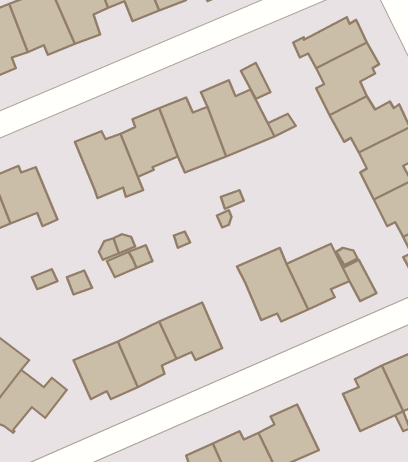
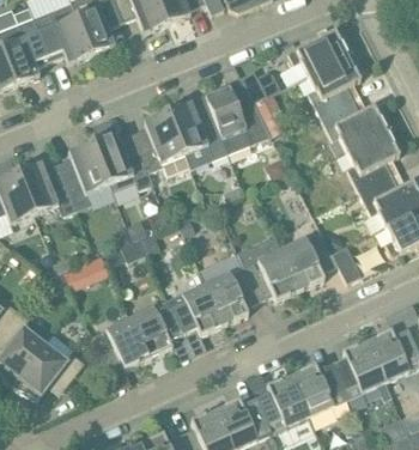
building: none -> [57,140,110,209]
building: none -> [206,266,259,324]
building: none -> [291,364,347,415]

